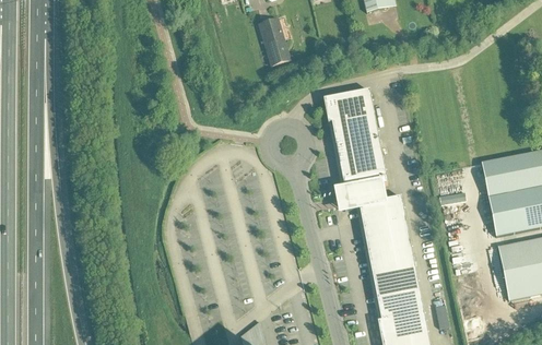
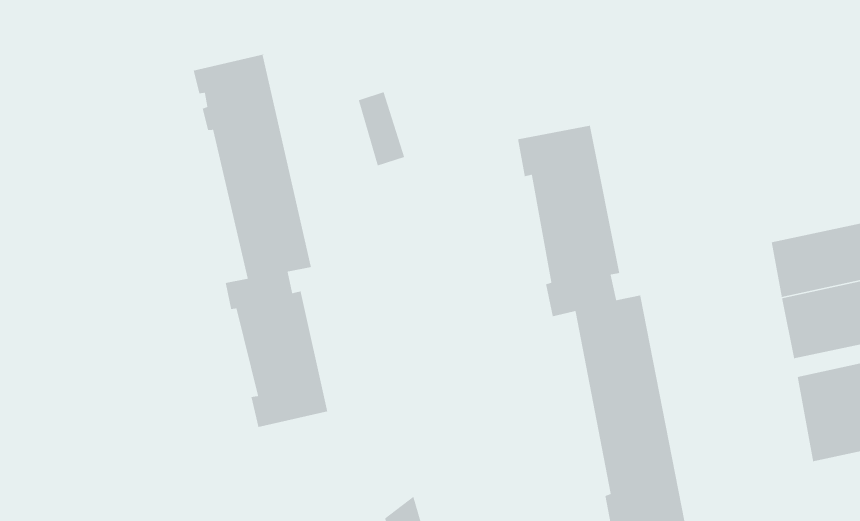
building: [259,17,288,64] -> [358,91,405,166]
building: none -> [193,53,328,428]

